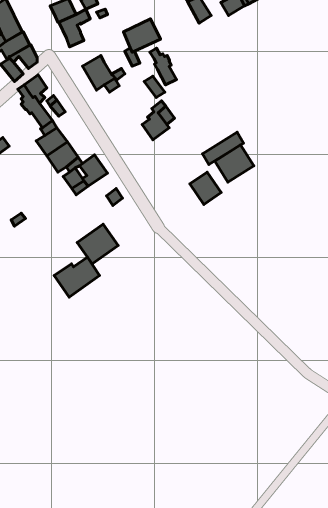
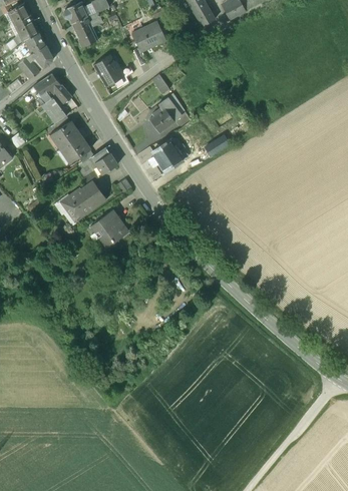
building: [150,48,176,85] -> none
building: [215,145,254,182] -> none
building: [190,172,221,204] -> [152,141,182,171]
building: [54,257,99,297] -> [63,183,105,220]

